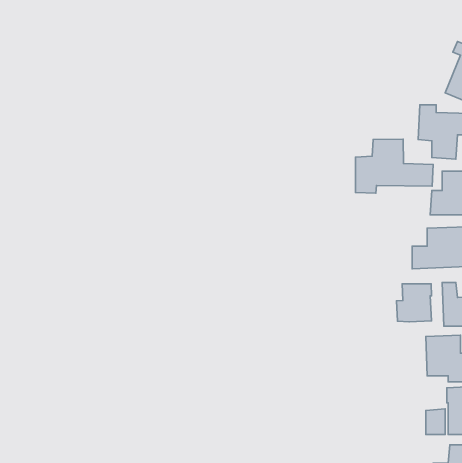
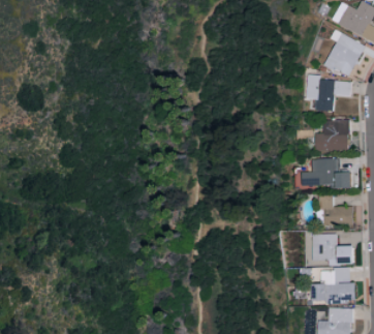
building: [356,139,433,193] -> none
building: [396,284,432,322] -> none

